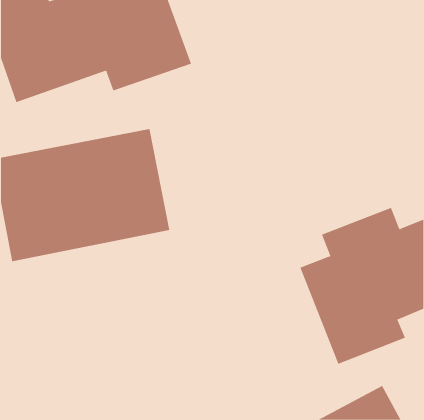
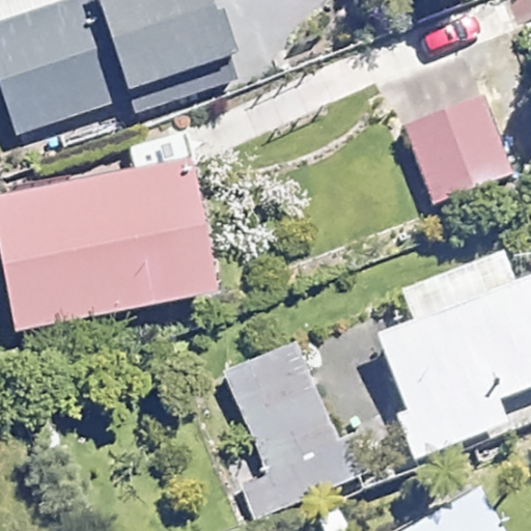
building: none -> [399,96,512,208]
building: none -> [227,339,352,515]

